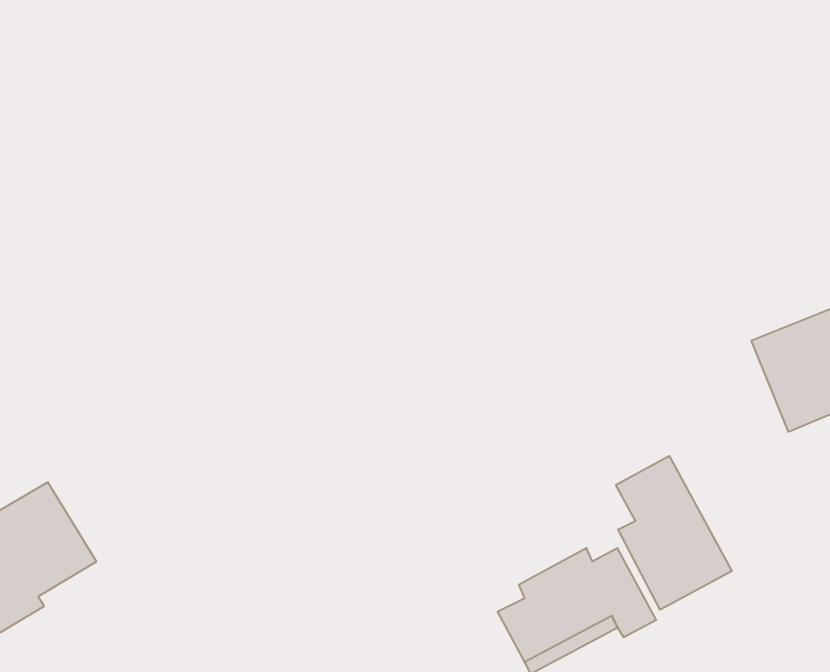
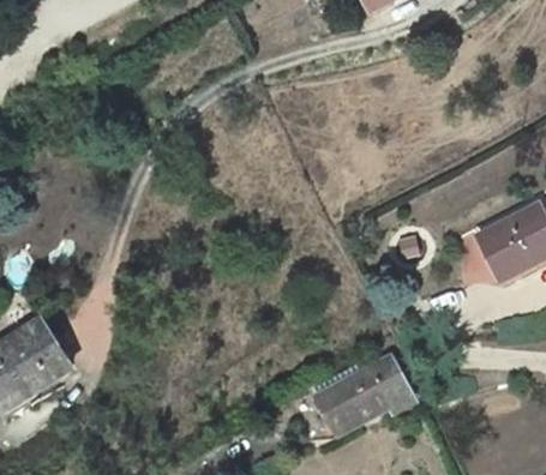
building: [616,456,732,610] -> none

